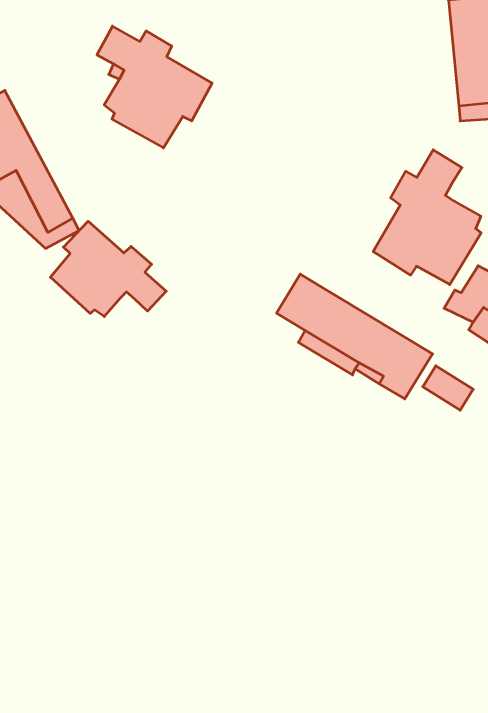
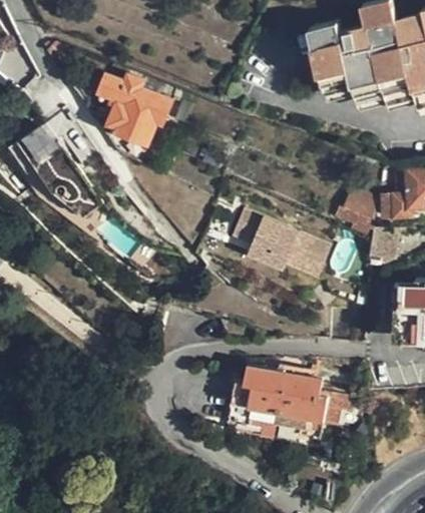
building: [373,150,481,285] -> none
building: [50,221,166,317] -> none
building: none -> [228,365,352,438]

